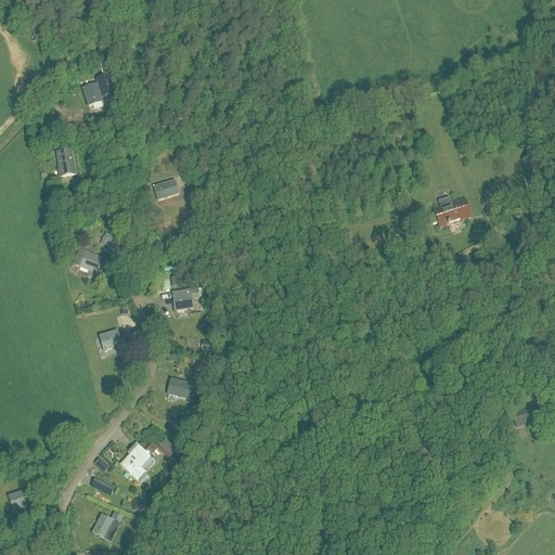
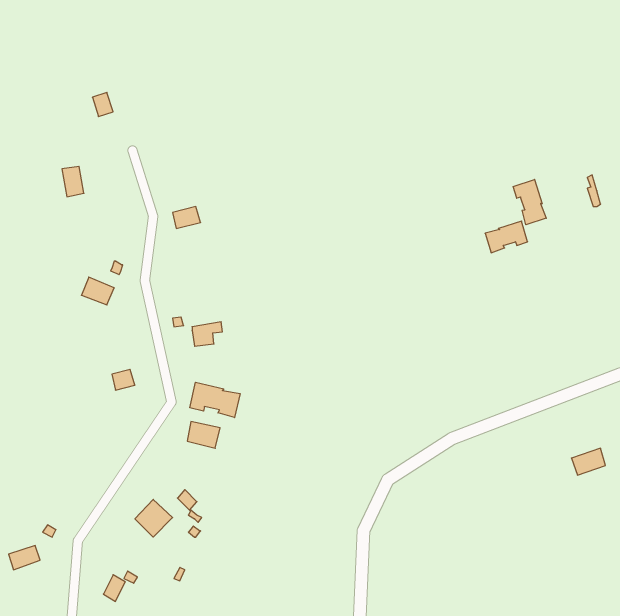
building: none -> [513,179,546,225]
building: none -> [190,382,240,418]

